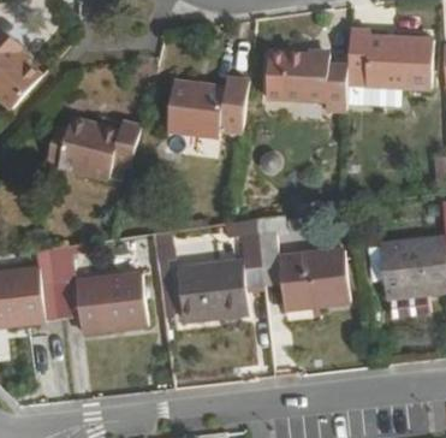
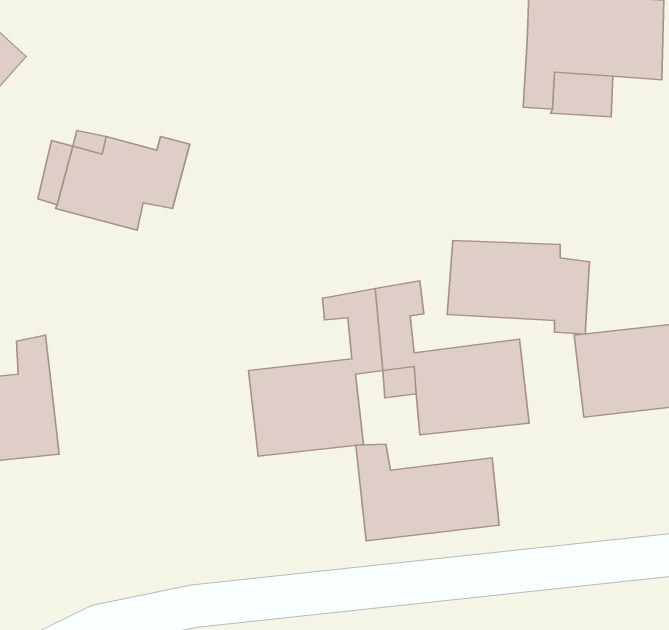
building: [262,51,350,108] -> [447,240,589,334]
building: [163,76,248,158] -> none
building: [53,243,148,331] -> none
building: none -> [356,444,499,541]

